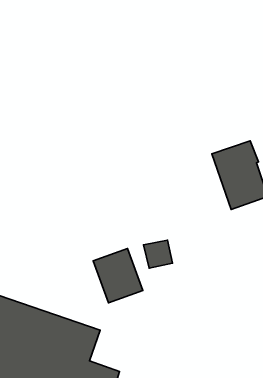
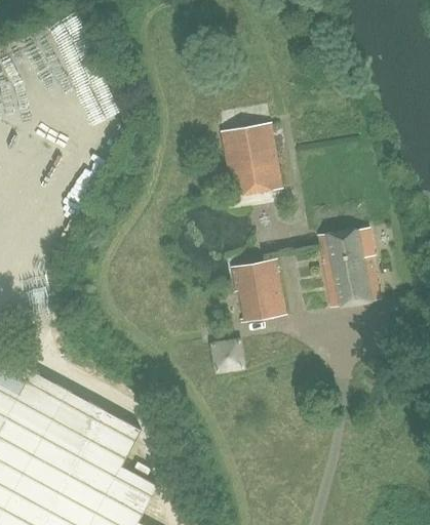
building: none -> [221,123,281,195]
building: [93,248,143,303] -> [230,259,285,323]

